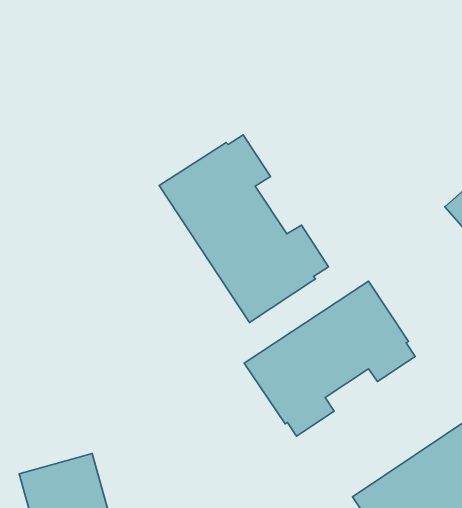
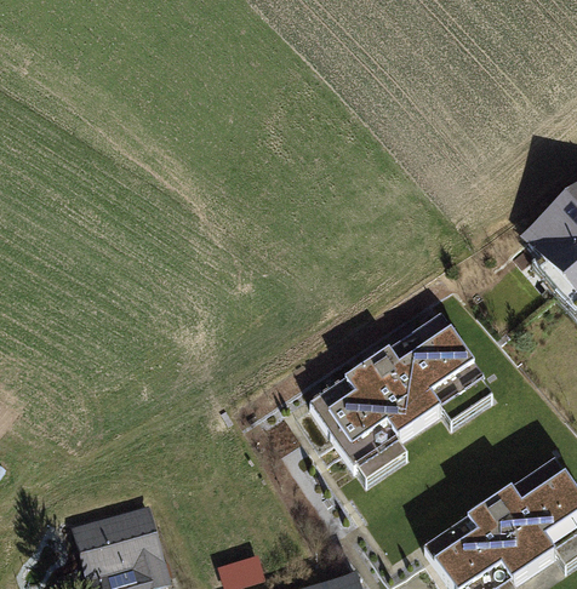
building: [159,135,329,322] -> none

